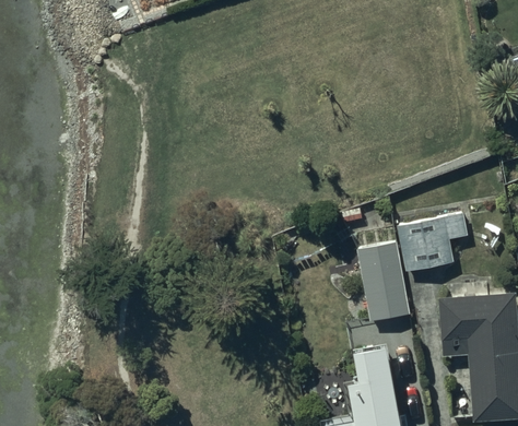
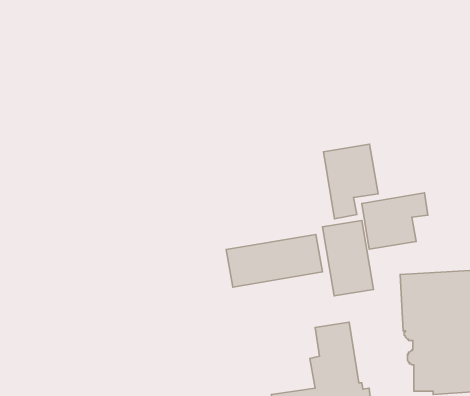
building: none -> [323,144,378,219]
building: none -> [226,234,322,287]

